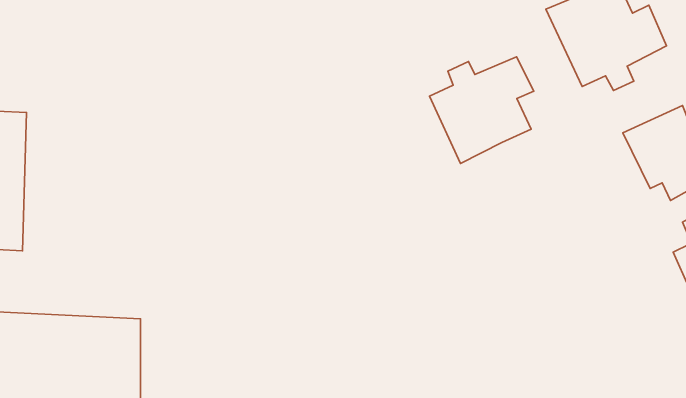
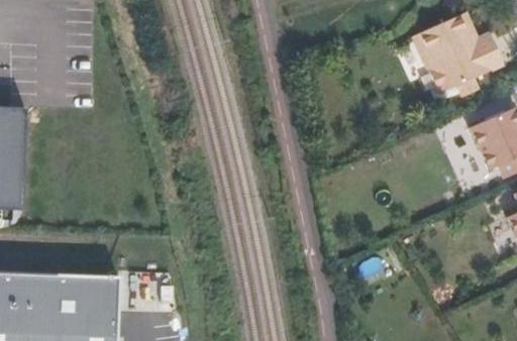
building: [430,57,534,164] -> none

